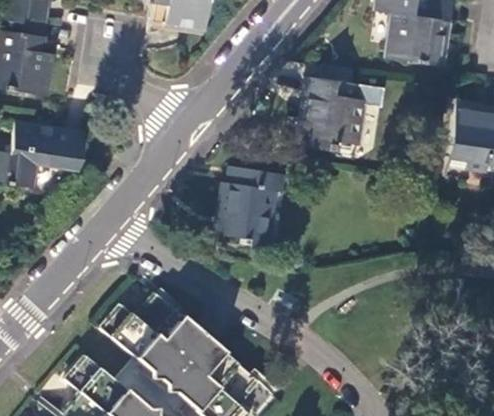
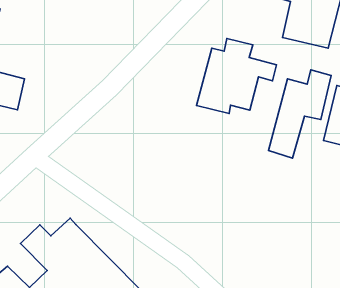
building: none -> [268,70,331,158]
building: [214,169,286,250] -> none

